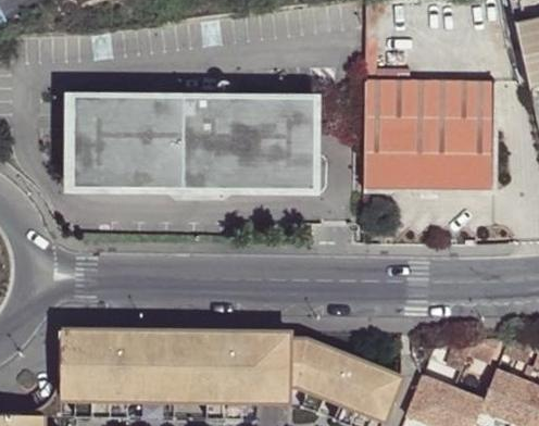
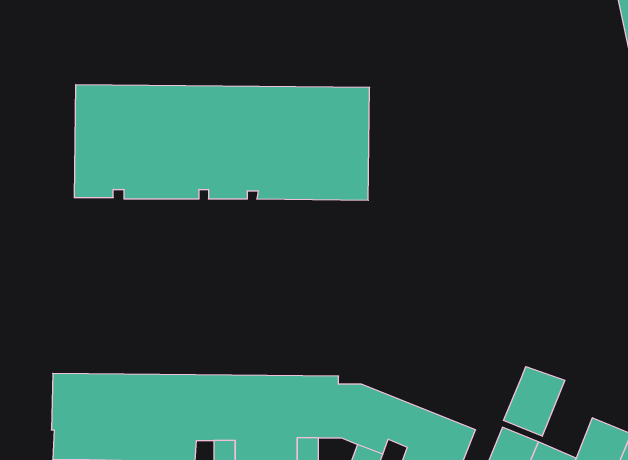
building: [362,84,493,192] -> none
building: none -> [503,367,565,436]

